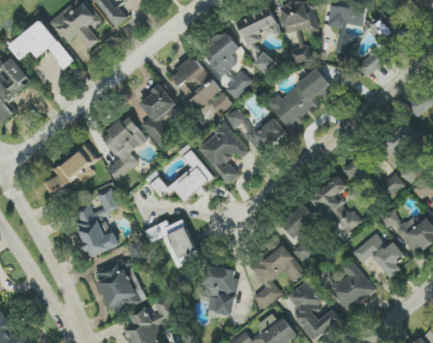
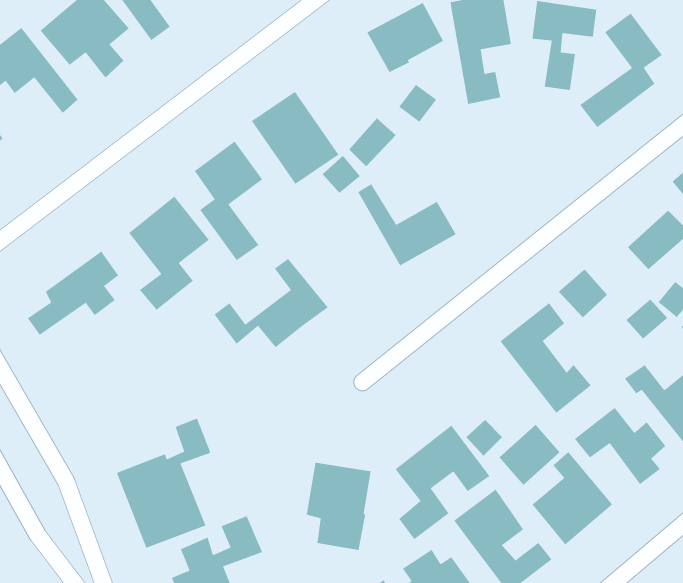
building: [201,32,239,77] -> none
building: [267,69,336,130] -> none
building: [197,124,248,184] -> none
building: [71,188,120,258] -> none
building: [281,204,316,239] -> [498,424,561,486]
building: [145,220,196,262] -> none

